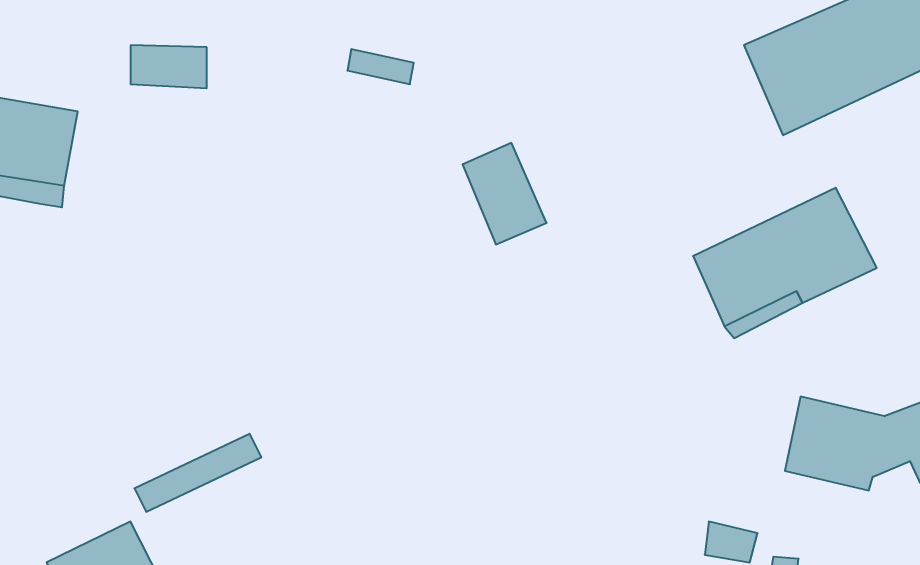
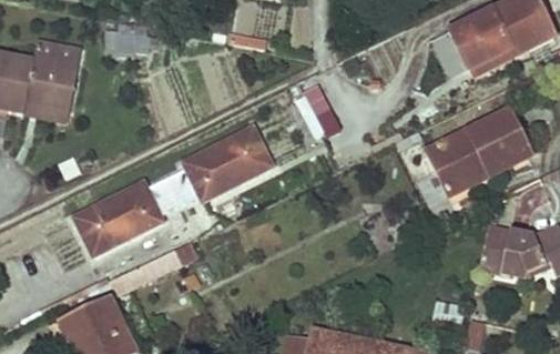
building: none -> [74,125,271,253]

